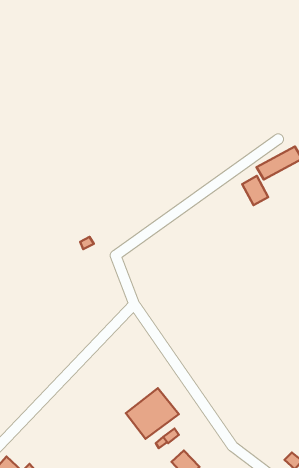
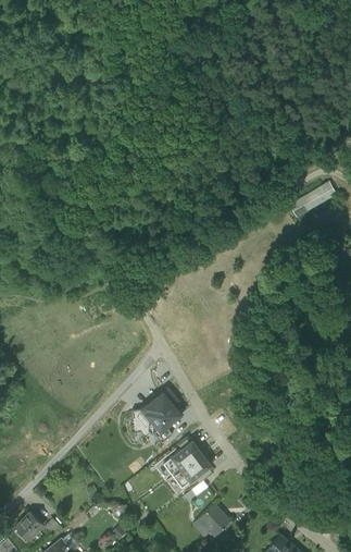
building: [242,176,268,205] -> none
building: none -> [141,390,183,433]

